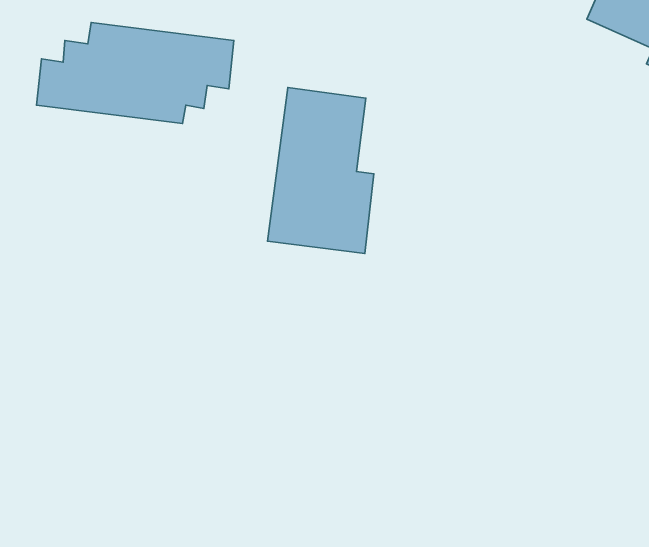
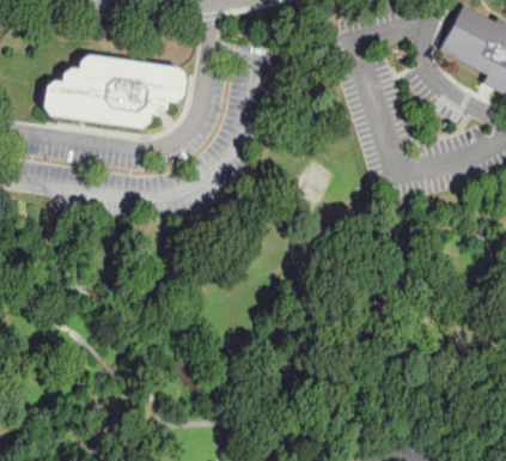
building: [267,88,374,253] -> none

